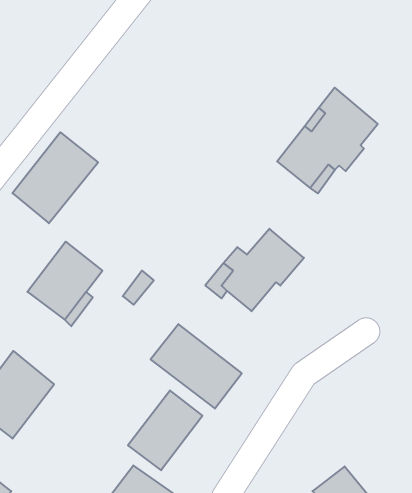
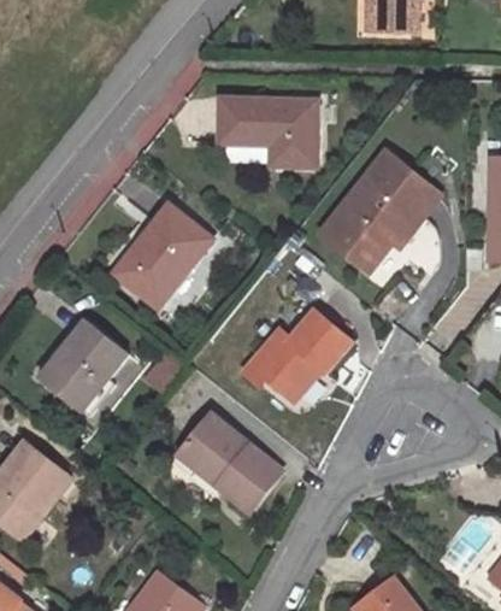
building: none -> [229,92,326,158]
building: [12,132,98,223] -> [114,207,211,310]
building: [128,390,202,470] -> none

